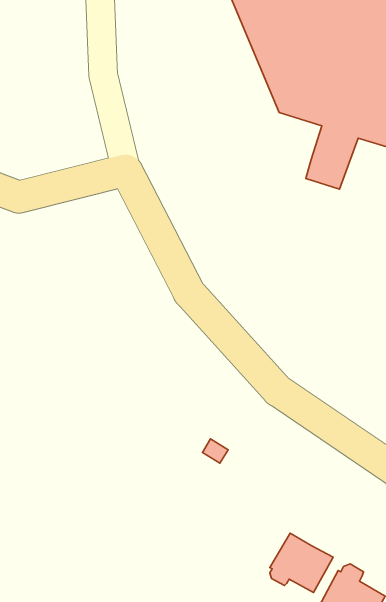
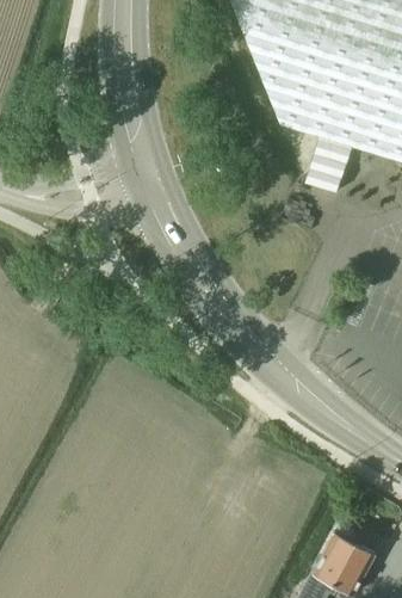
building: [270,533,333,592] -> none

